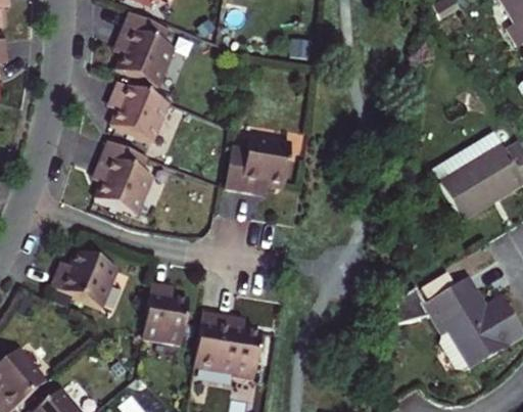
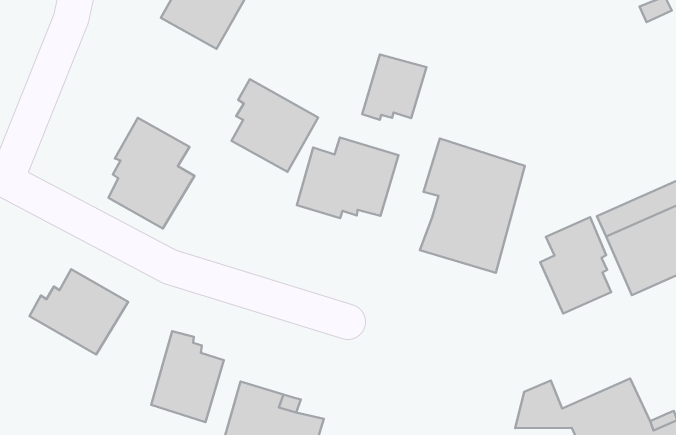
building: none -> [362,55,427,120]
building: [111,82,169,142] -> [232,79,318,172]
building: none -> [420,138,525,273]
building: none -> [540,217,611,313]

